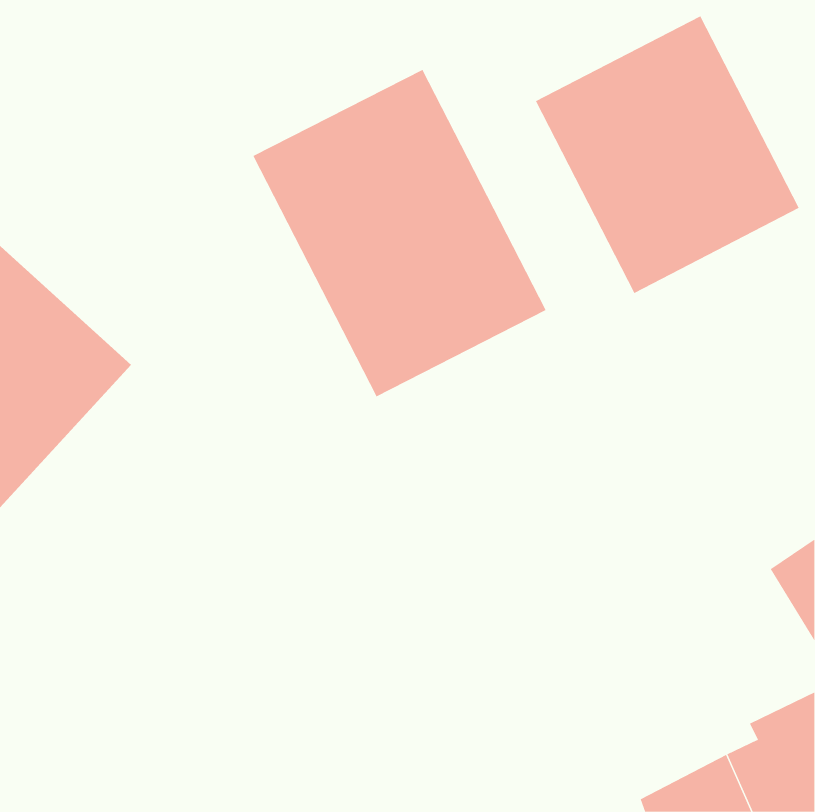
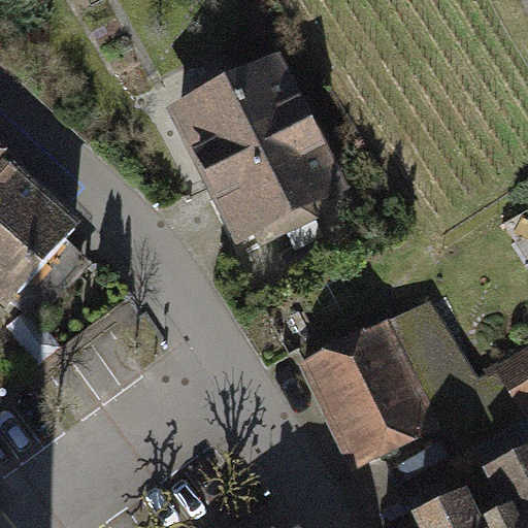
building: [535,16,800,294] -> none
building: none -> [300,300,489,469]

